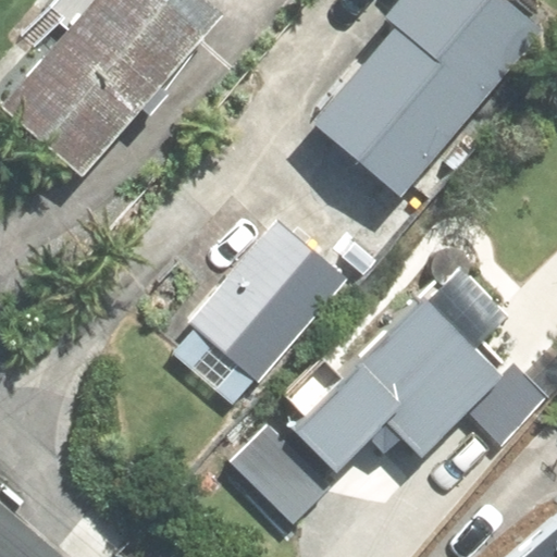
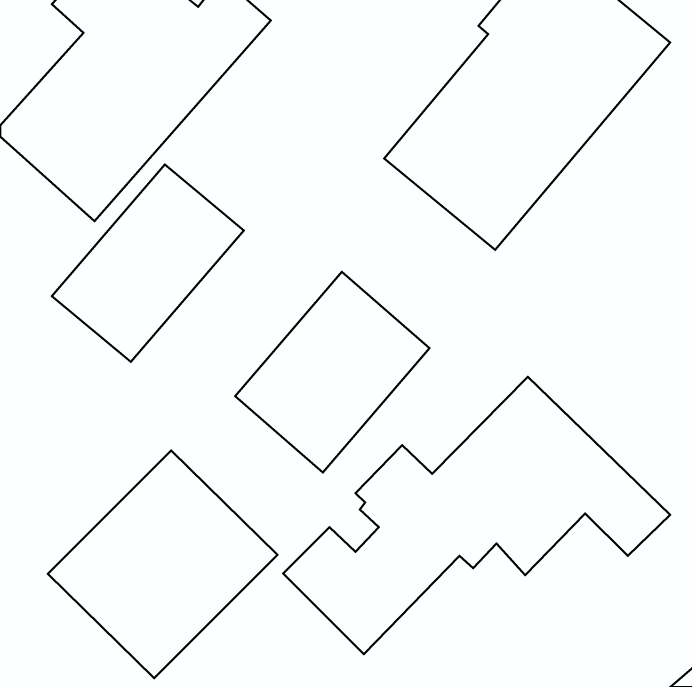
building: none -> [52,165,244,362]
building: none -> [48,450,278,678]

